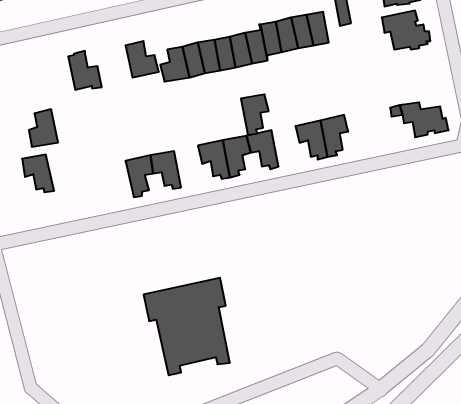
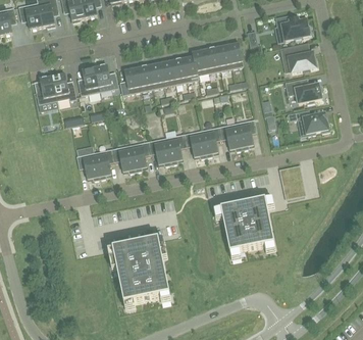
building: none -> [77,66,99,95]
building: none -> [284,79,322,103]
building: [241,94,269,135] -> [201,127,221,156]
building: [29,109,58,147] -> [36,76,57,103]
building: none -> [129,141,150,172]
building: [22,155,54,192] -> [76,152,100,180]
building: none -> [213,197,275,259]

